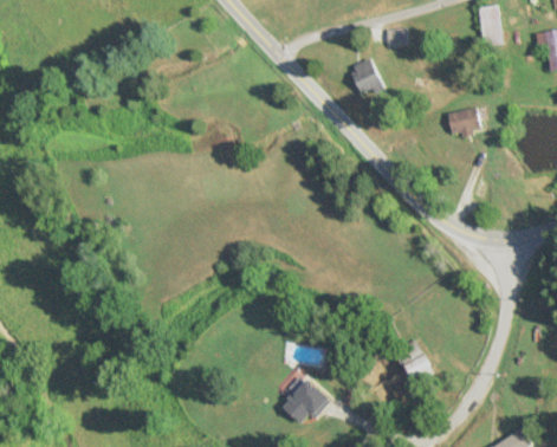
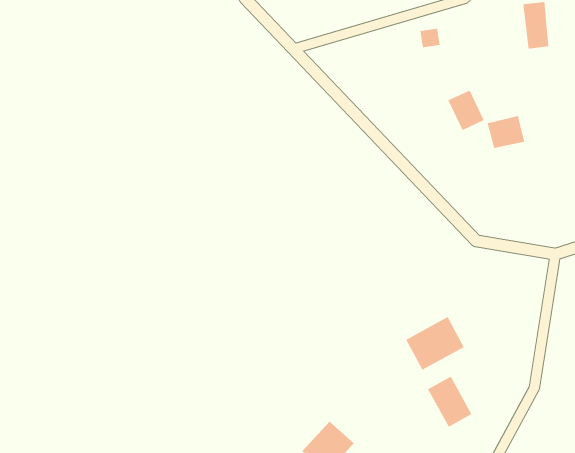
building: [350,59,383,96] -> [448,90,485,131]
building: none -> [406,316,464,371]

